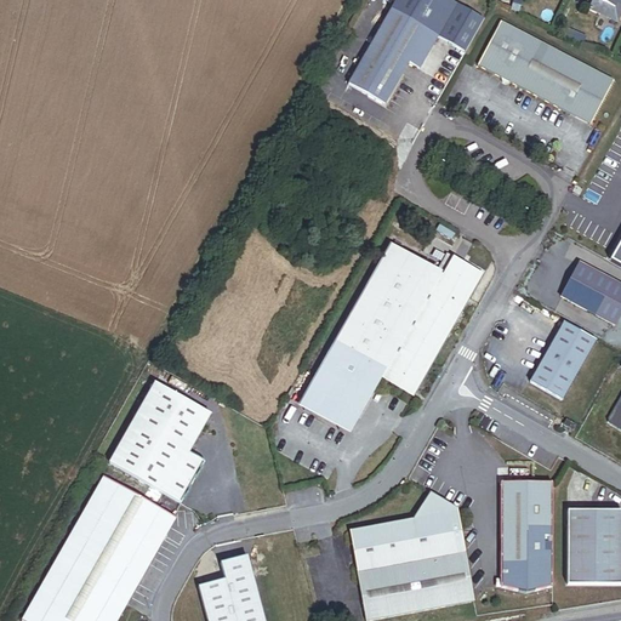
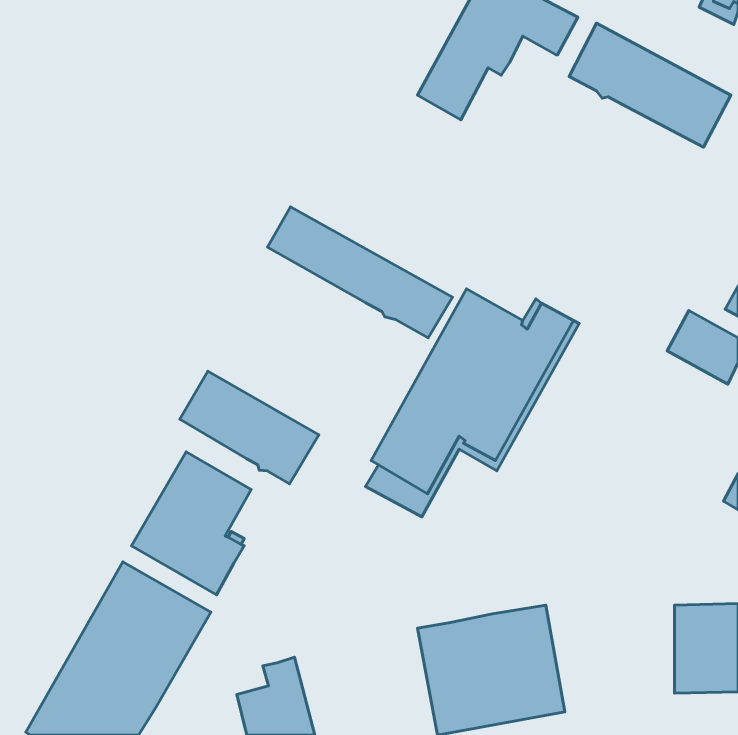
building: none -> [268,207,452,338]
building: none -> [180,371,319,484]
building: [526,320,592,397] -> none
building: [500,477,551,582] -> none
building: [414,489,458,515] -> none

